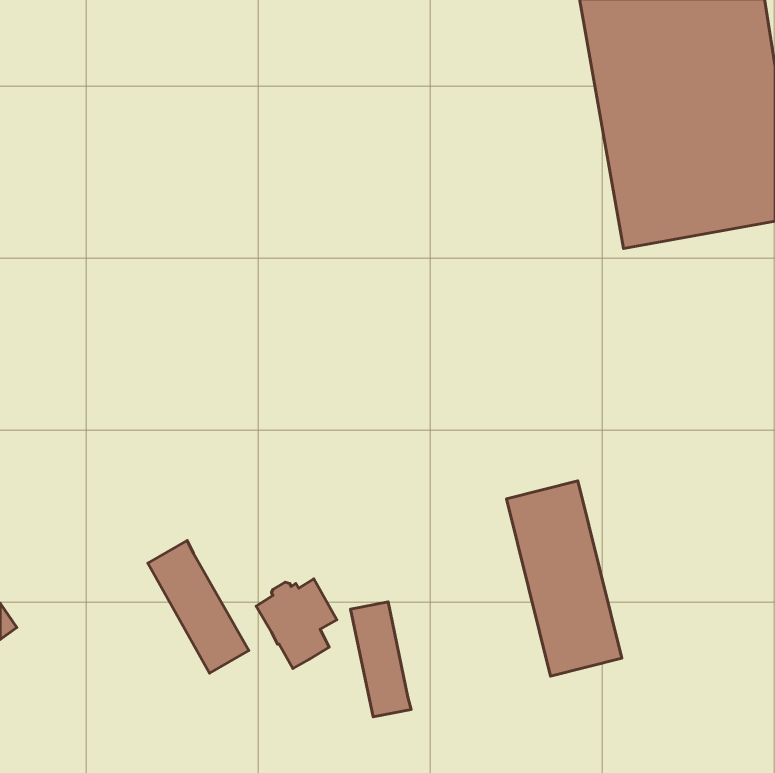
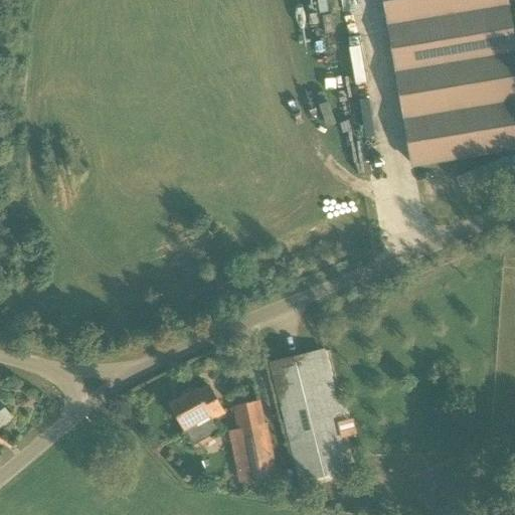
building: [506,481,622,676] -> [271,350,347,480]
building: [148,541,249,673] -> none

